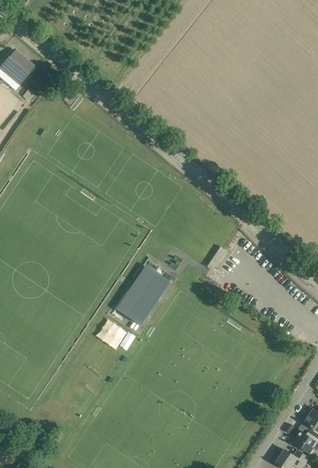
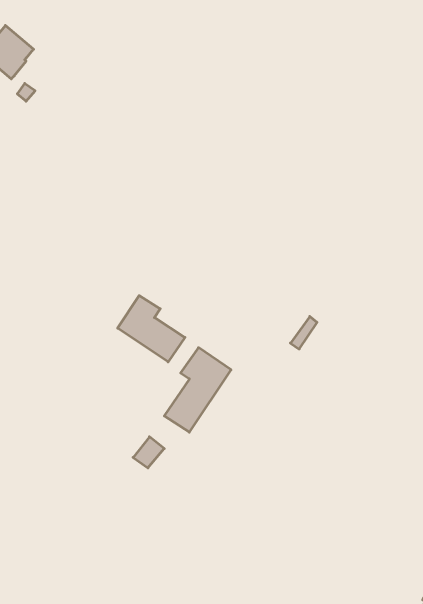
building: none -> [118,296,185,362]

